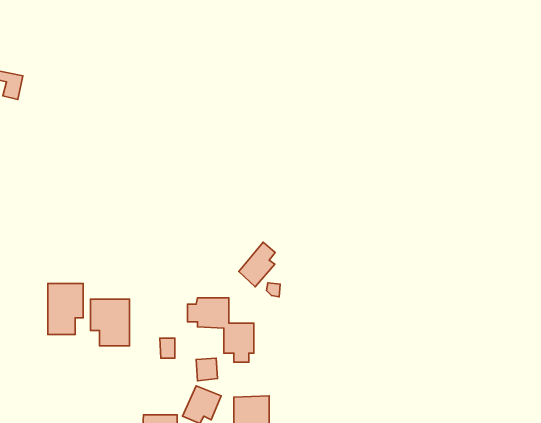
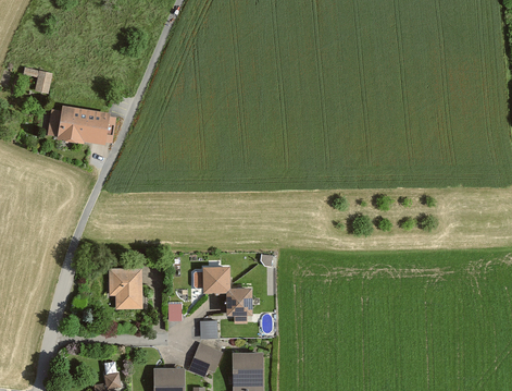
building: none -> [45,107,113,145]
building: [239,242,275,287] -> none
building: [48,284,83,335] -> none

